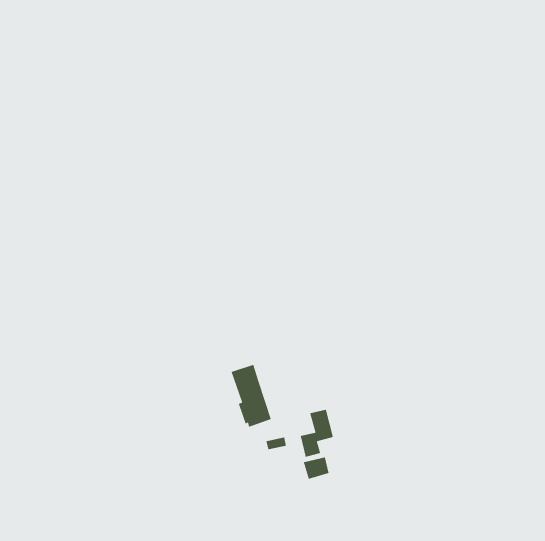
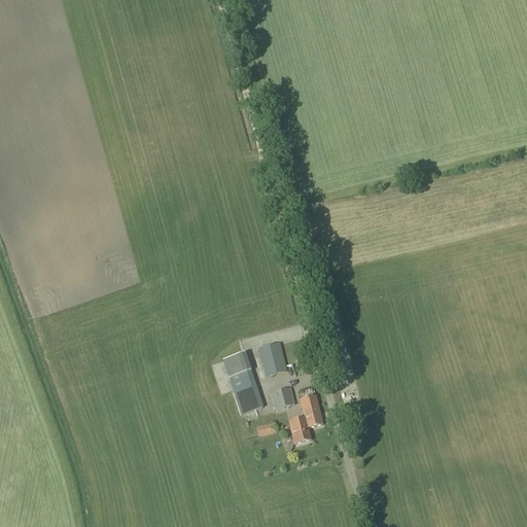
building: none -> [257,341,286,375]
building: [303,457,330,480] -> [269,385,294,408]

